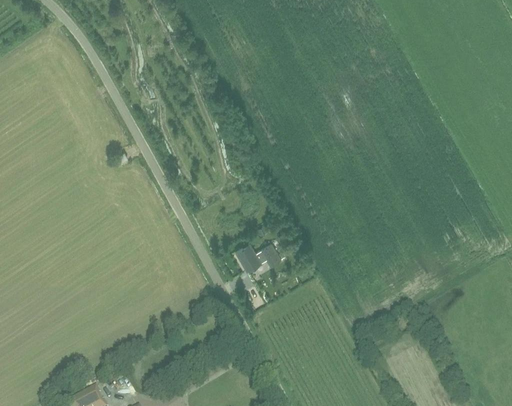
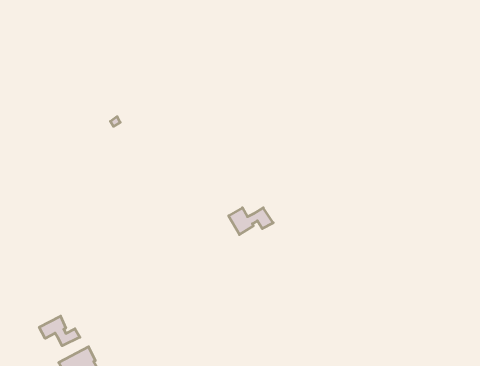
building: none -> [39,316,80,346]

